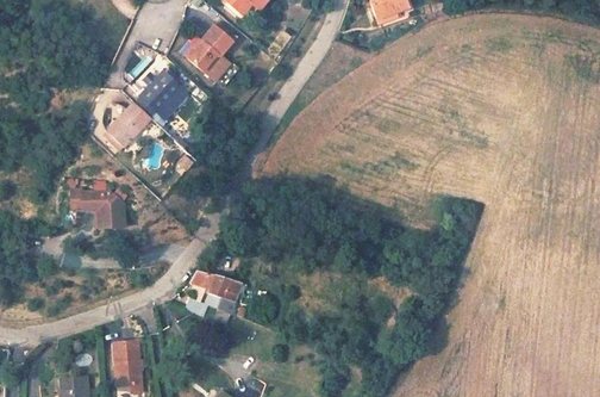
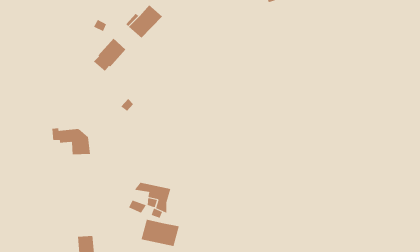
building: [108,101,152,147] -> none
building: none -> [141,219,179,247]

